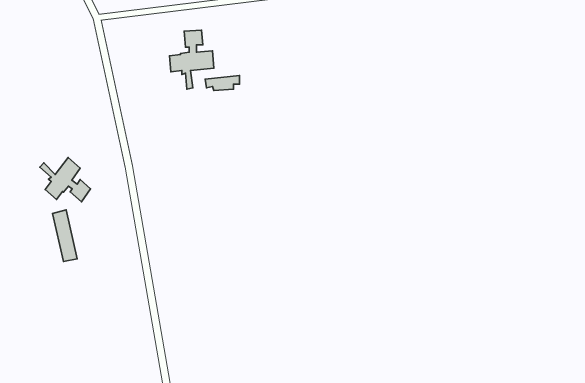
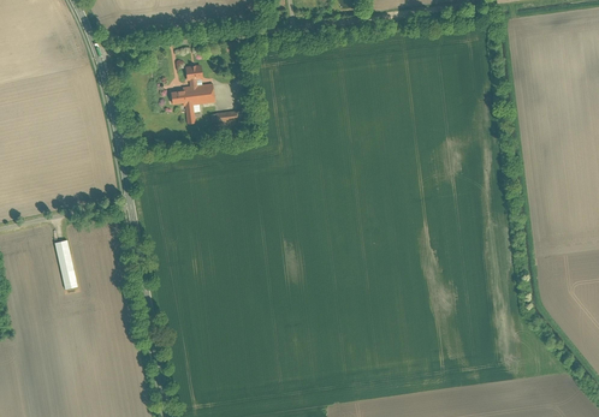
building: [40,157,91,202] -> none

